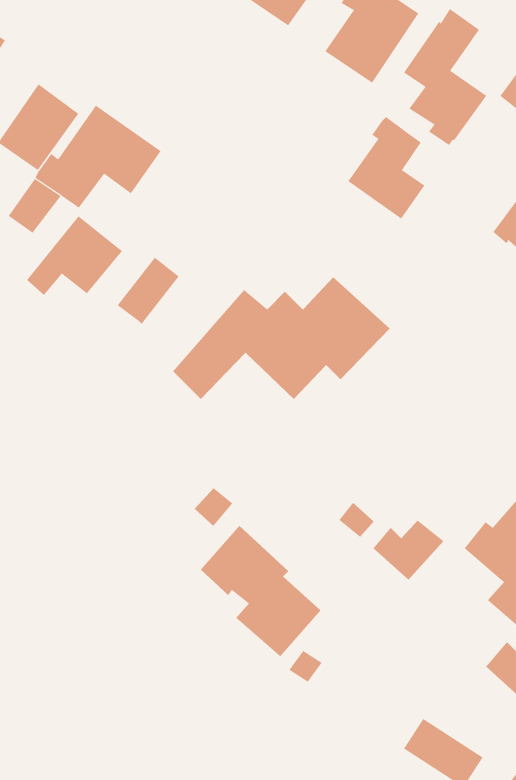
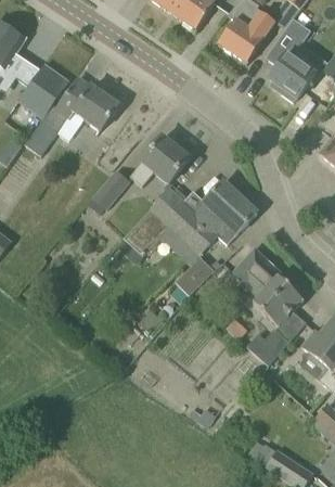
building: [348,116,425,219] -> none
building: [26,215,123,296] -> [130,136,189,184]
building: none -> [176,256,212,294]
building: [200,525,321,657] -> [229,246,302,326]

